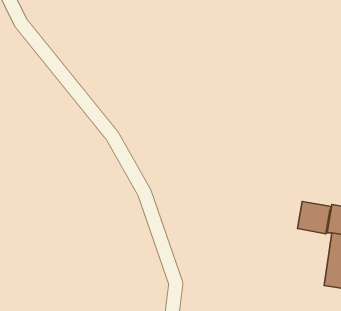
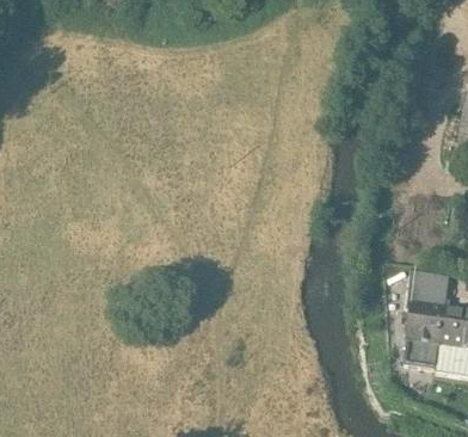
building: [298,202,332,234] -> none

